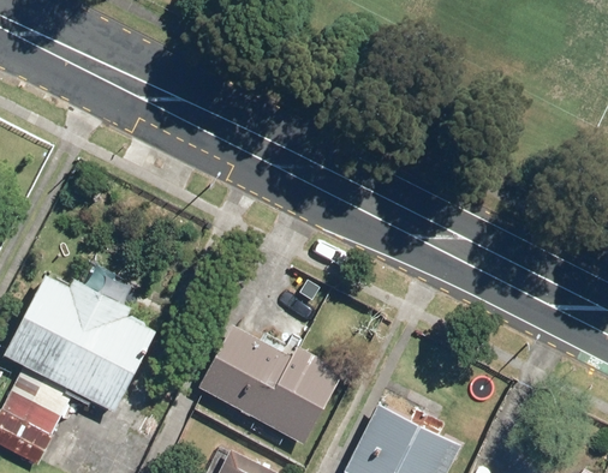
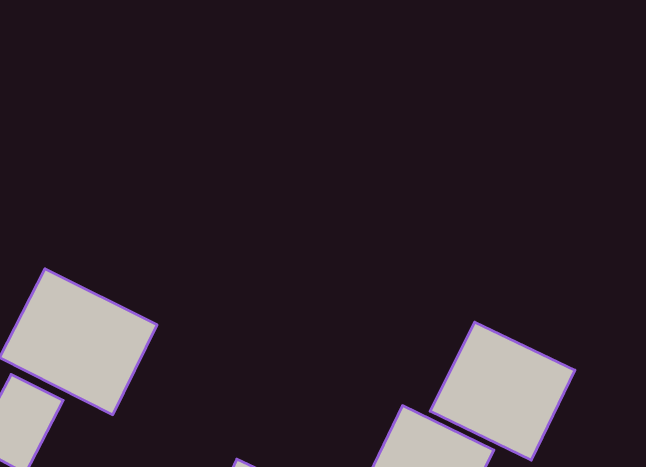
building: [193,316,339,444] -> none
building: none -> [430,322,575,460]

